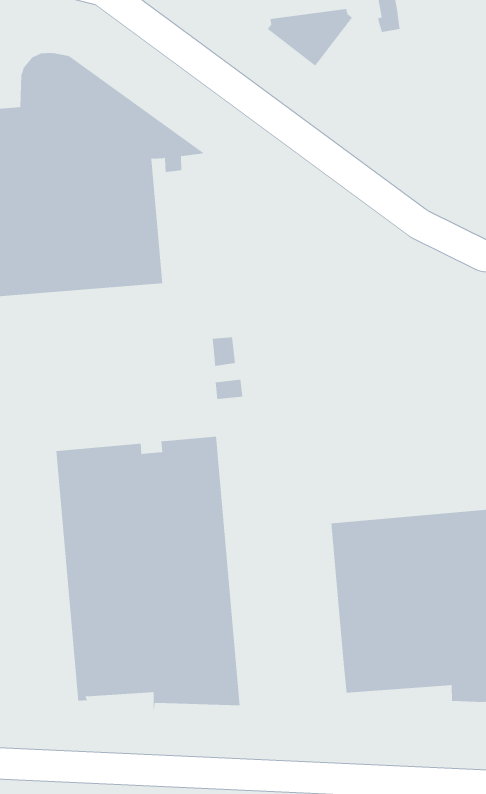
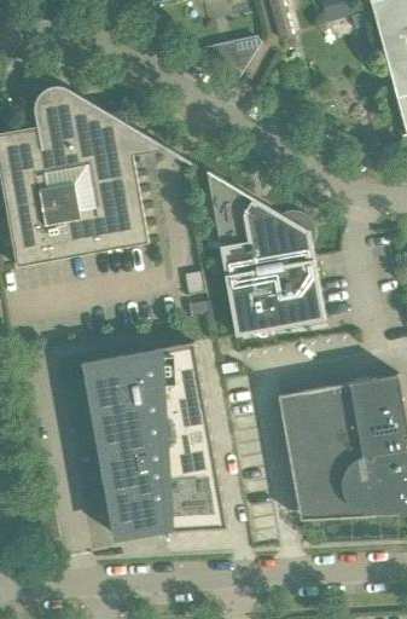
building: none -> [203,173,322,336]

